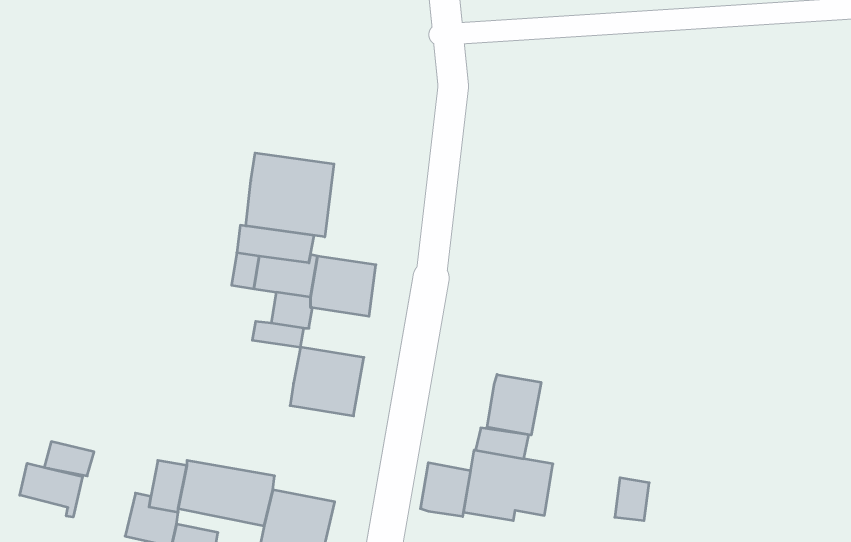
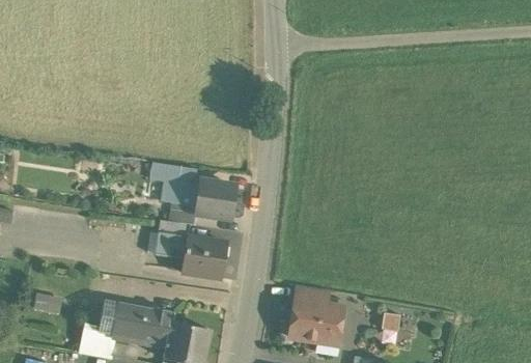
building: [246,153,334,237] -> none
building: none -> [158,232,190,258]
building: [487,374,541,435] -> none
building: [420,463,471,517] -> none
building: [20,463,82,517] -> none

